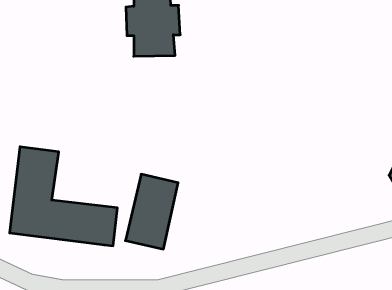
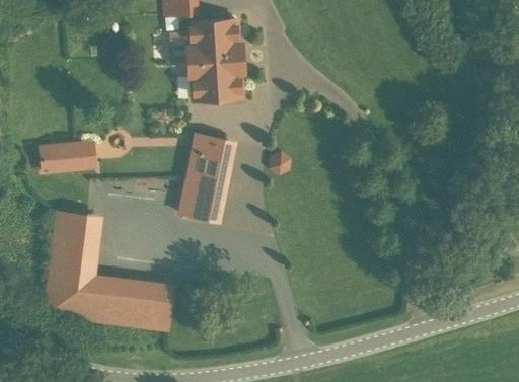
building: none -> [38,143,82,171]
building: [125,174,178,249] -> [176,138,238,226]

